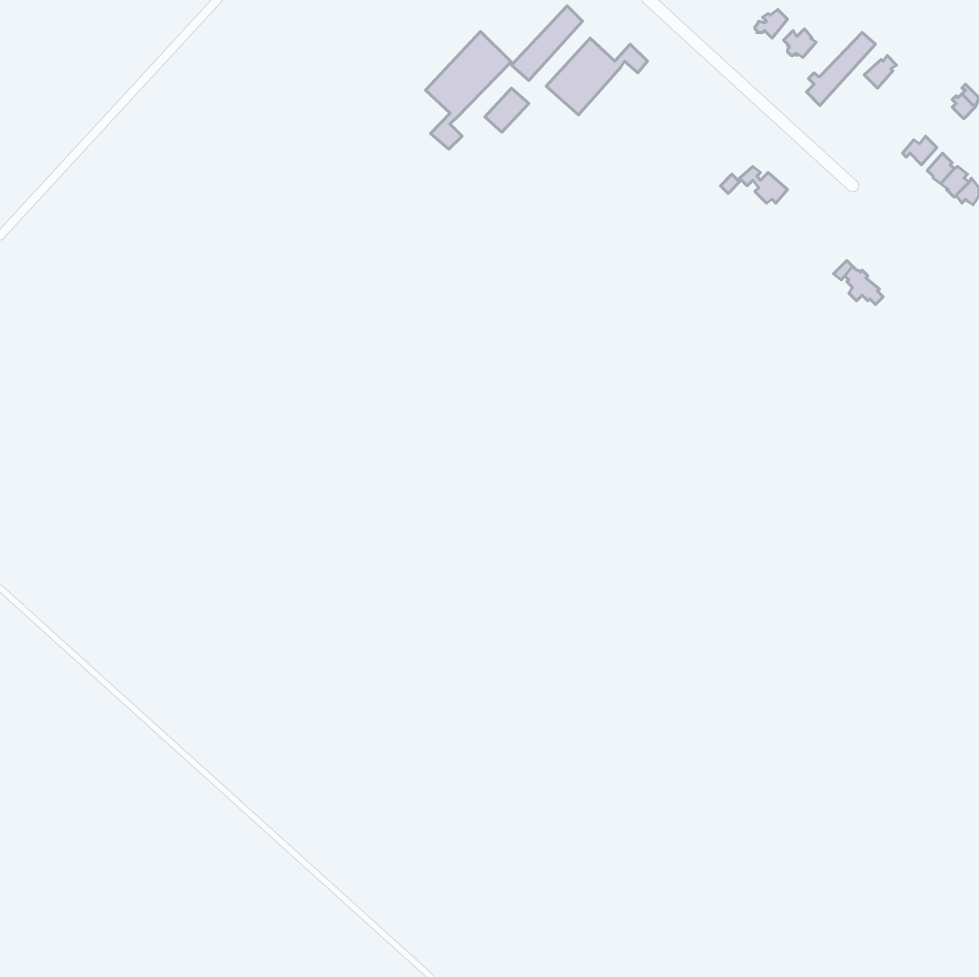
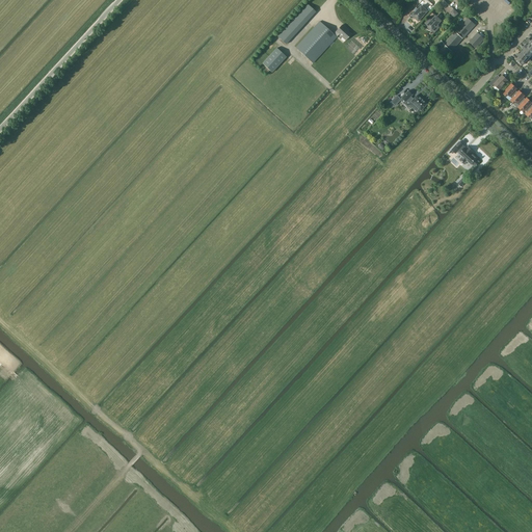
building: [426,31,511,149] -> none

